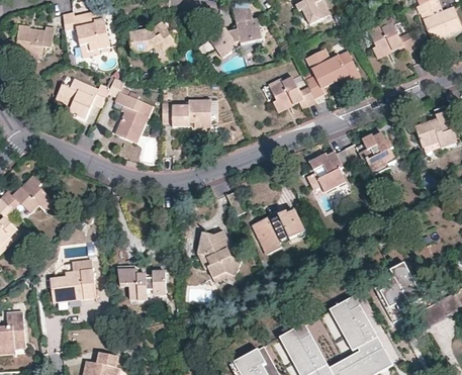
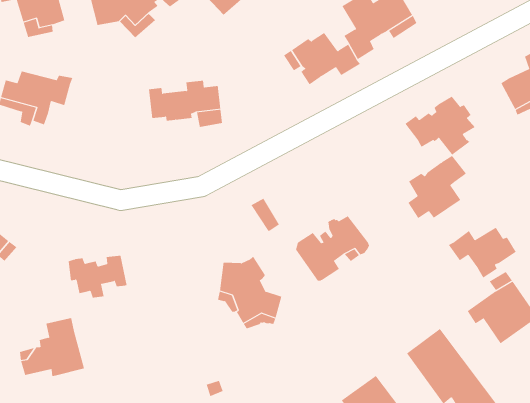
building: [108,77,154,142] -> none
building: [306,147,351,190] -> [408,155,467,219]
building: none -> [448,227,516,278]
building: [127,269,168,298] -> [68,255,127,298]

